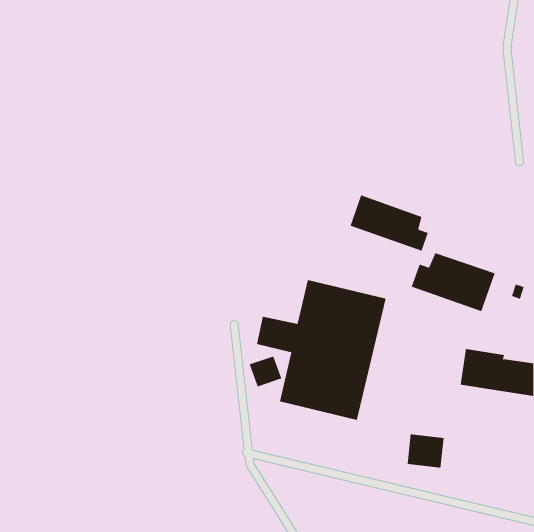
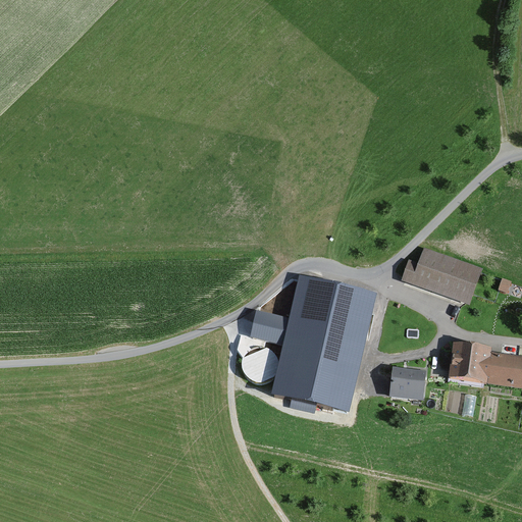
building: [350,195,428,252] -> none
building: [407,434,444,468] -> [389,366,426,400]

